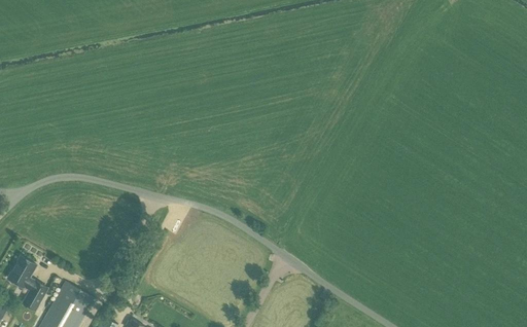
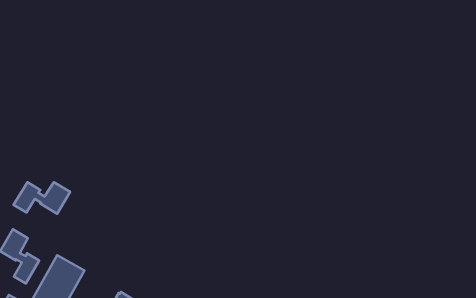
building: none -> [14,182,70,214]

